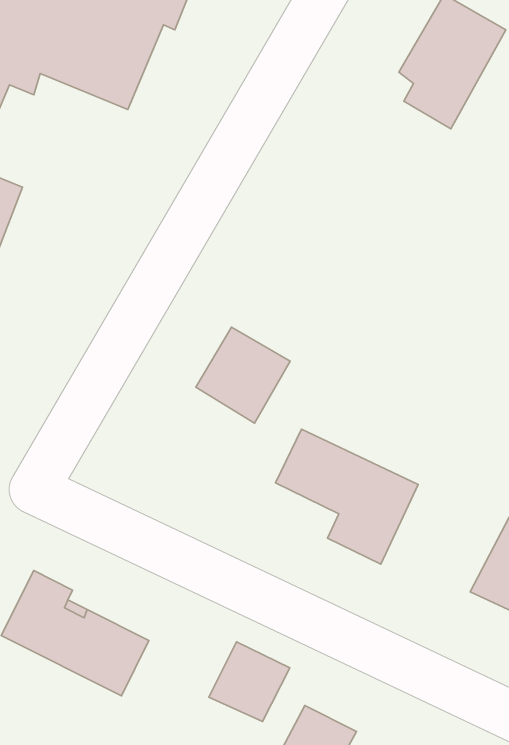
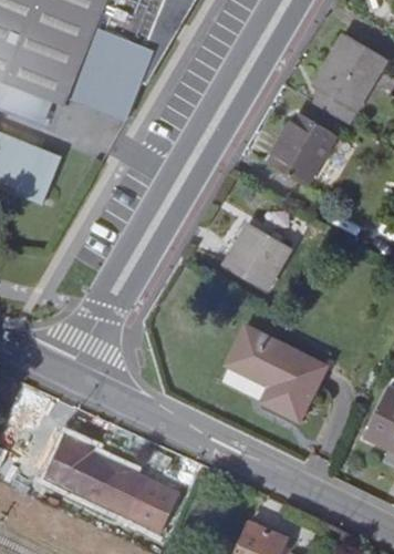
building: none -> [269,113,336,186]
building: [196,327,290,423] -> [225,225,289,290]
building: [209,642,290,721] -> [124,473,179,527]

